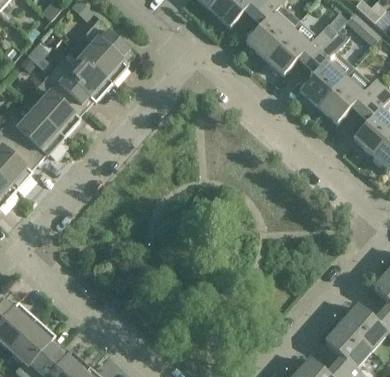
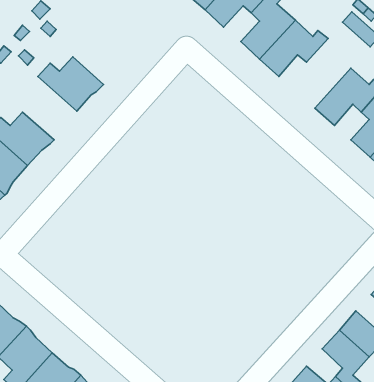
building: [81,21,134,83] -> none
building: [298,38,352,106] -> none
building: [32,75,85,137] -> none

